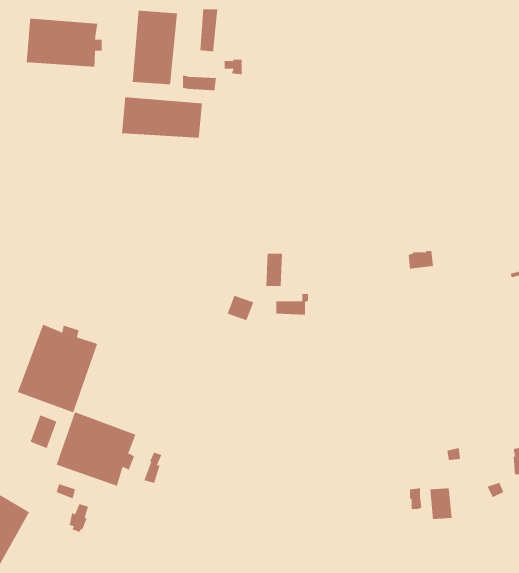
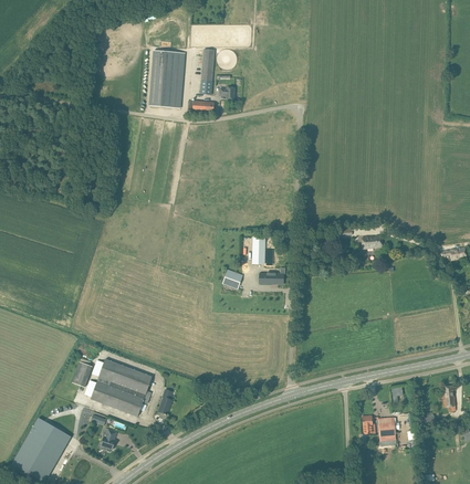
building: [26,18,102,67] -> none
building: [121,97,202,139] -> none
building: [17,324,98,413] -> none

